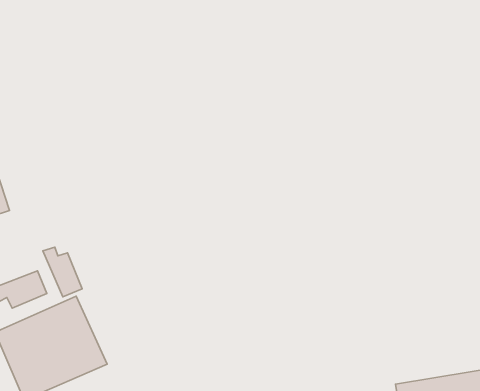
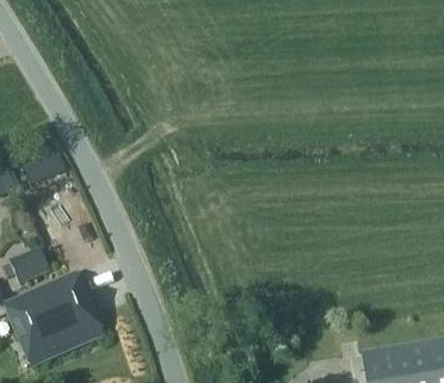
building: [43,247,82,297] -> none

